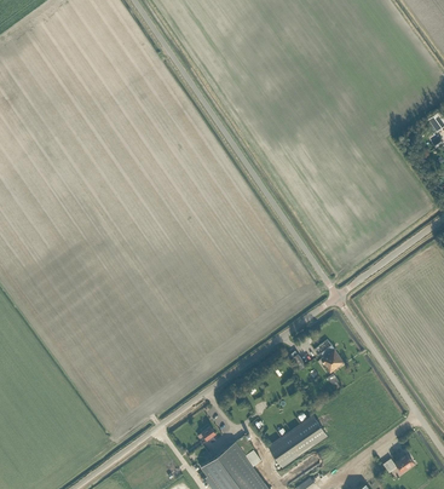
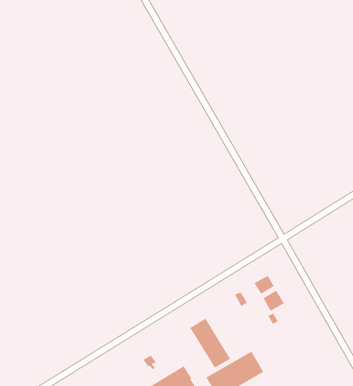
building: none -> [190,318,231,369]

